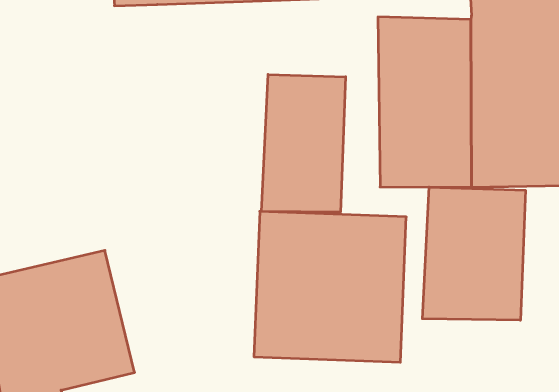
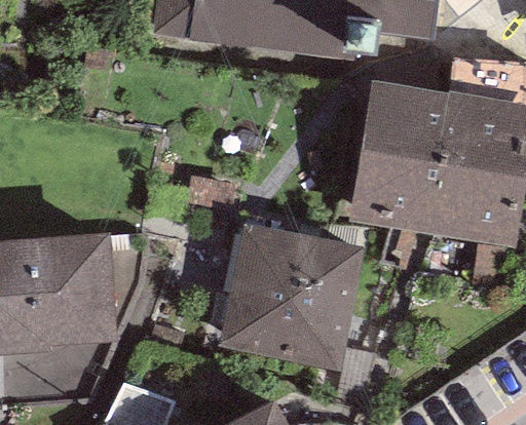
building: [262,74,346,212] -> none
building: [422,187,525,320] -> none

